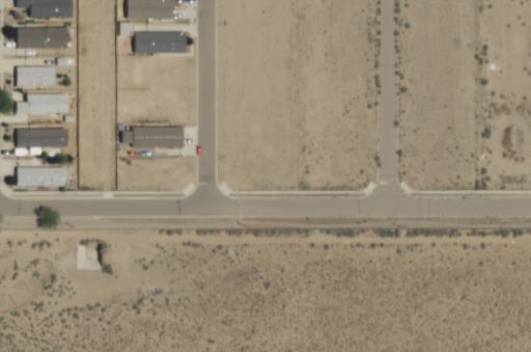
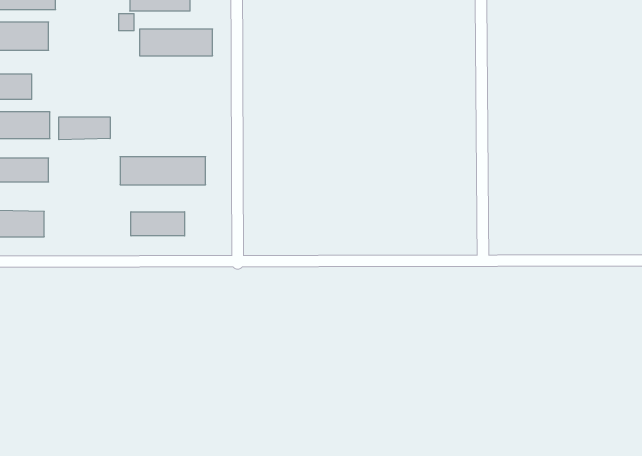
building: none -> [59,117,110,140]
building: none -> [131,212,185,236]

